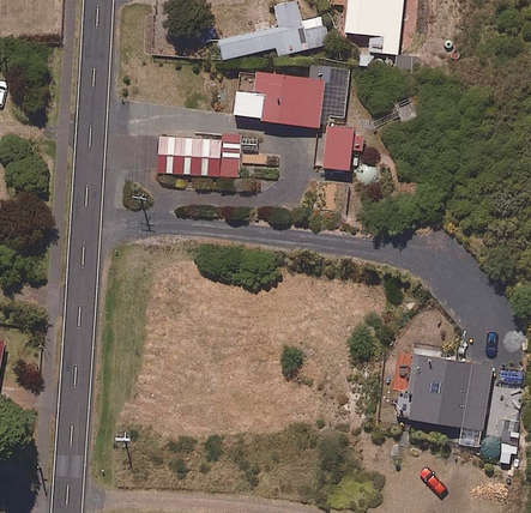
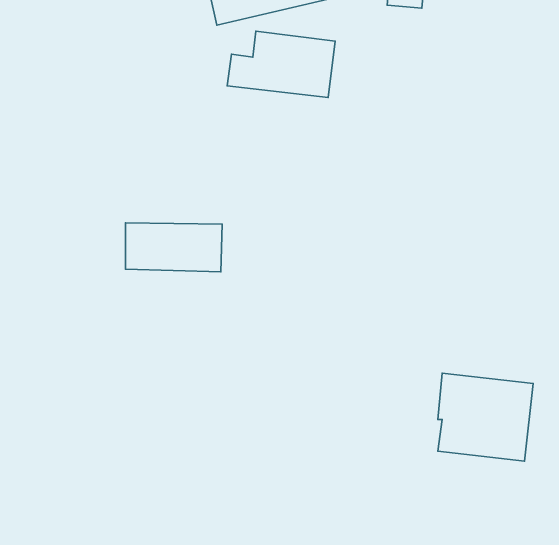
building: [324,123,352,170] -> none
building: [157,134,237,175] -> [125,223,222,272]

